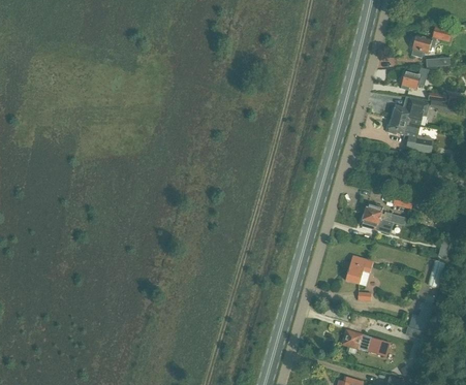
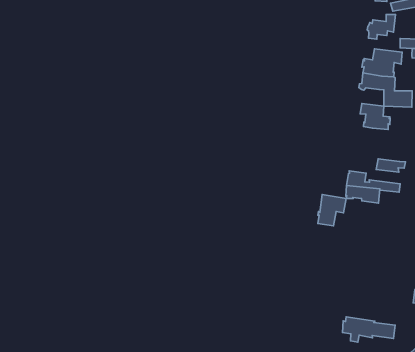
building: none -> [360,104,390,129]
building: [345,255,373,284] -> [318,195,346,226]

